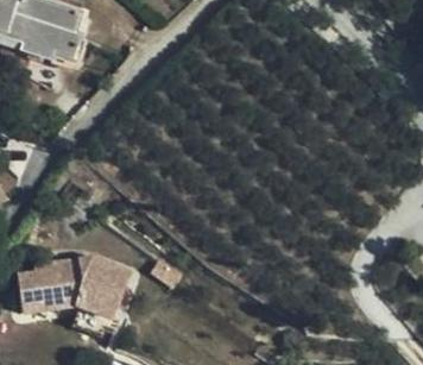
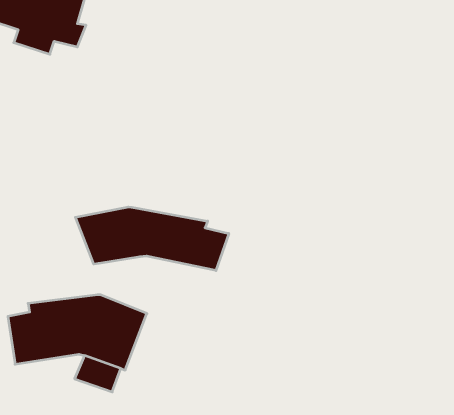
building: none -> [75,207,229,271]

